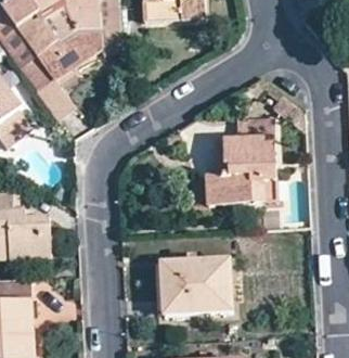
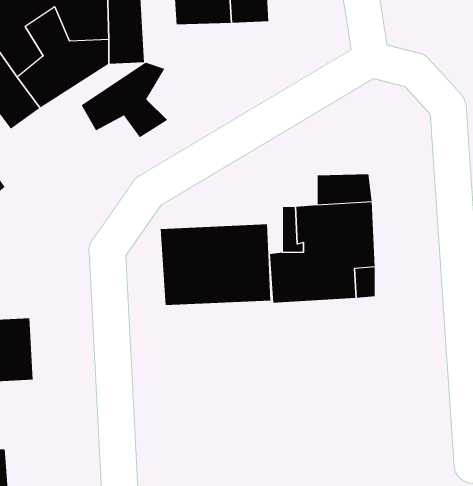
building: none -> [81,62,168,138]
building: [159,259,233,314] -> [160,224,271,306]

